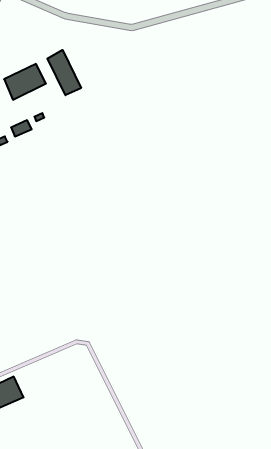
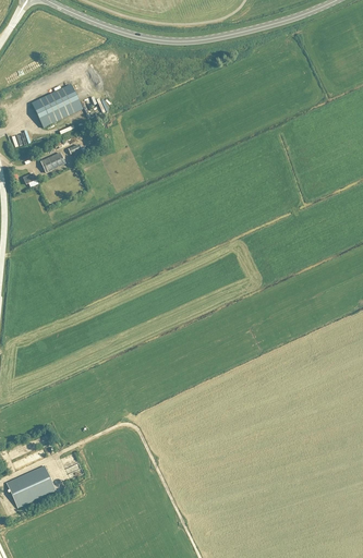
building: [47,50,81,95] -> none

